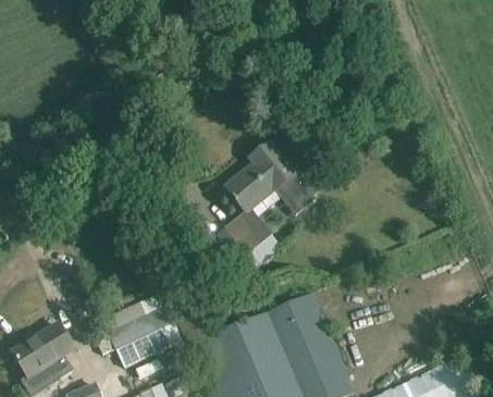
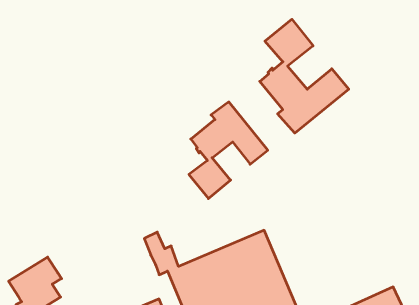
building: none -> [260,19,349,133]
building: [93,305,175,367] -> none

